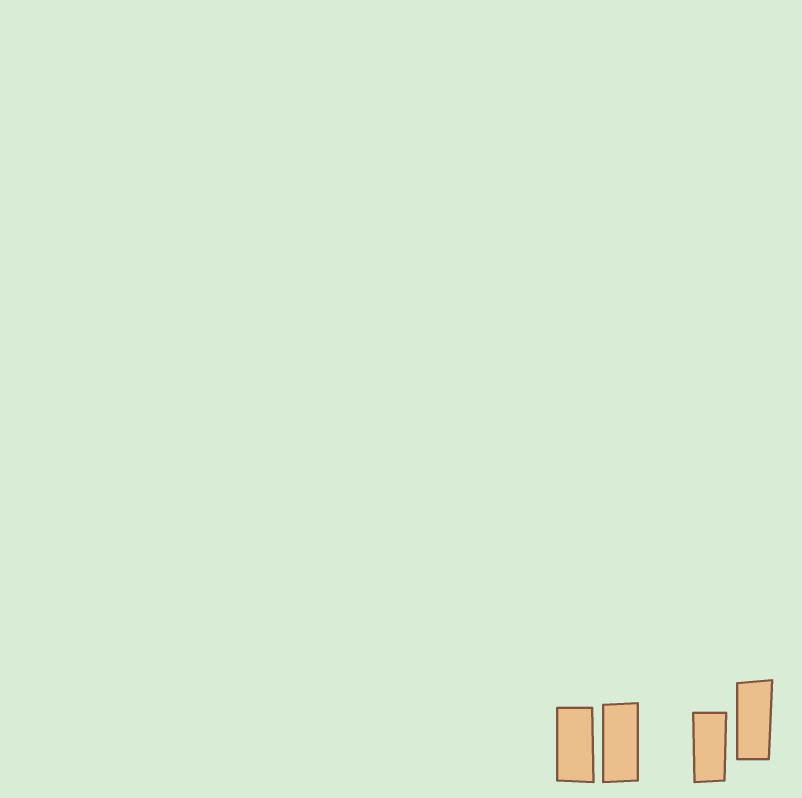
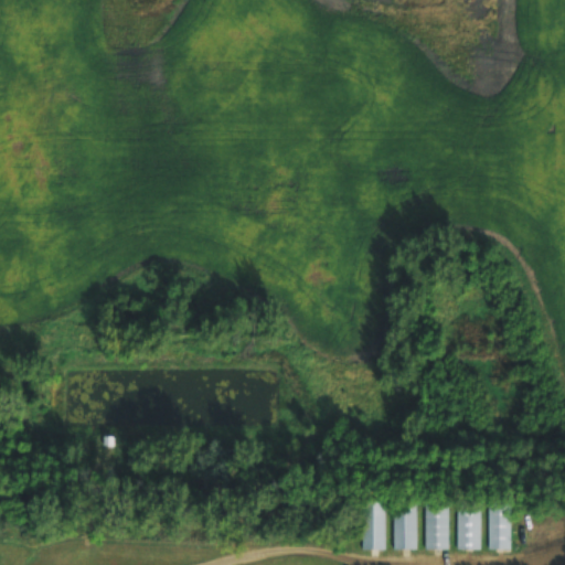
building: [737,680,772,759] -> [457,498,481,553]
building: none -> [362,504,386,553]

